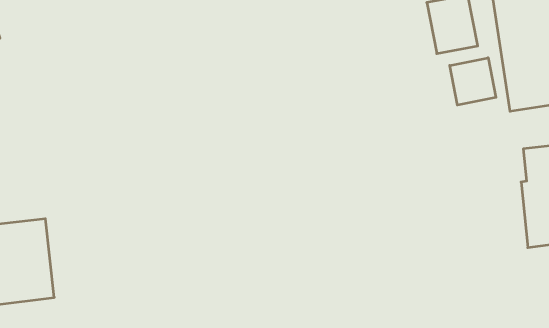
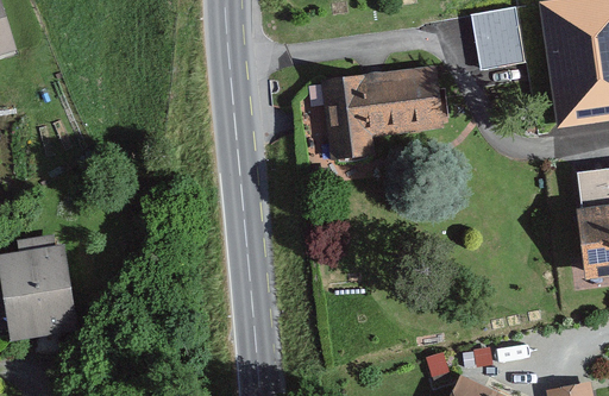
building: none -> [319,64,440,155]
building: [450,58,496,105] -> none

